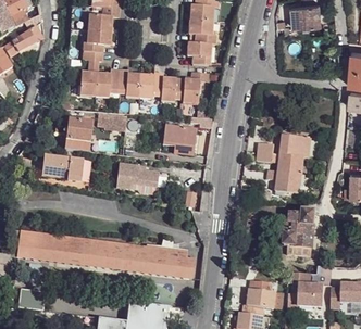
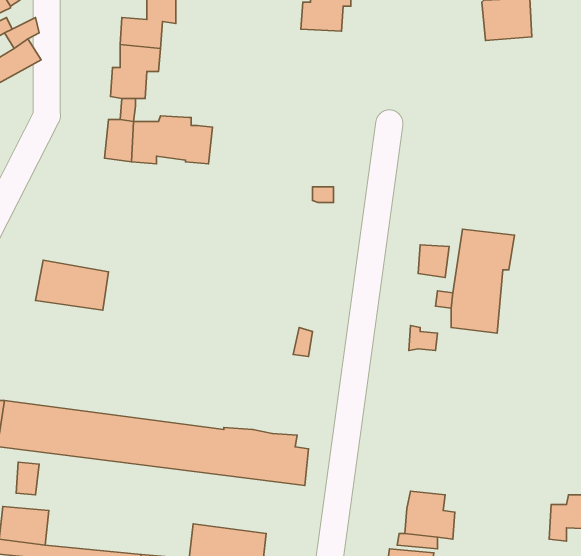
building: [186,20,215,65] -> none
building: [137,71,209,102] -> none
building: [98,114,127,132] -> none
building: [64,118,90,149] -> none
building: [161,122,196,153] -> none
building: [116,161,159,187] -> none
building: [284,210,314,255] -> none
building: [286,271,322,305] -> none

